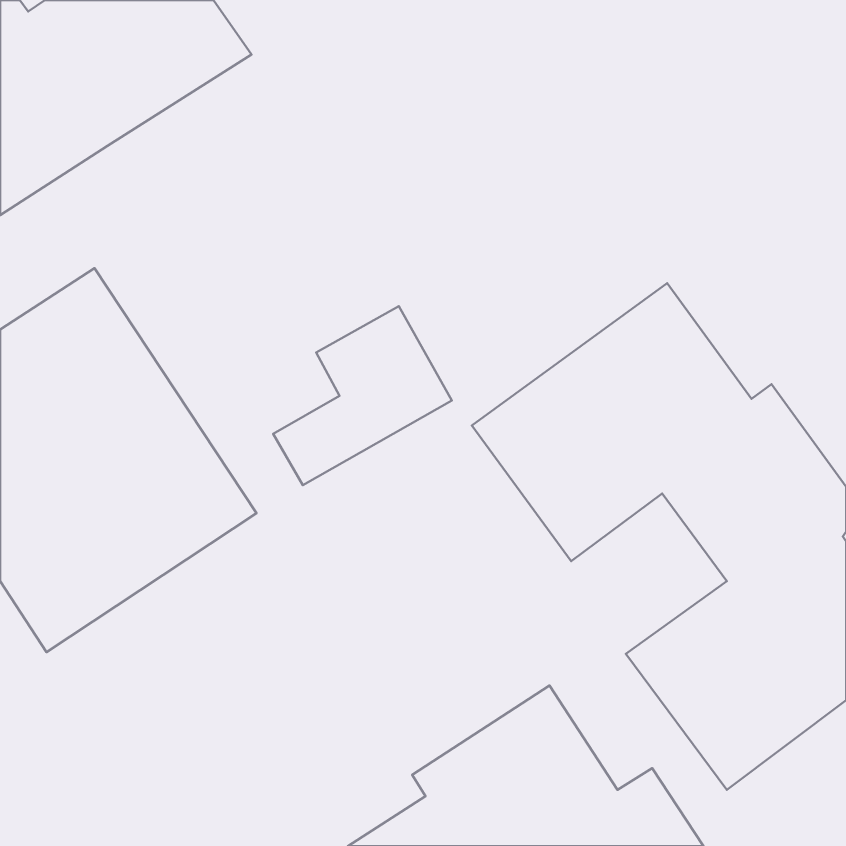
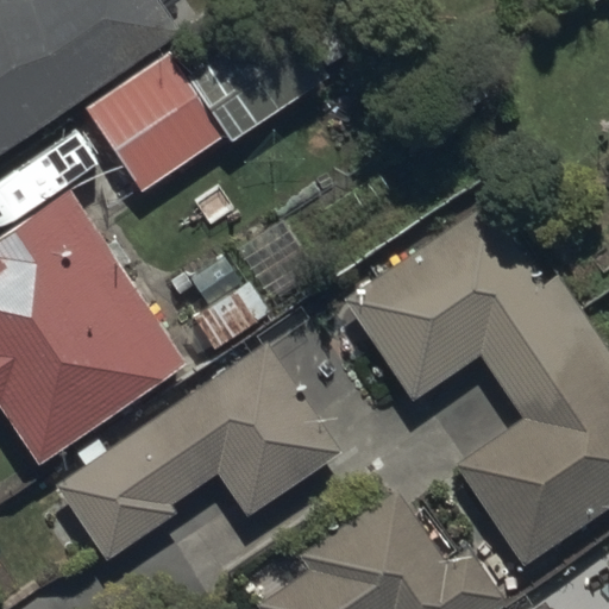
building: none -> [77,23,327,196]
building: none -> [54,346,338,564]

